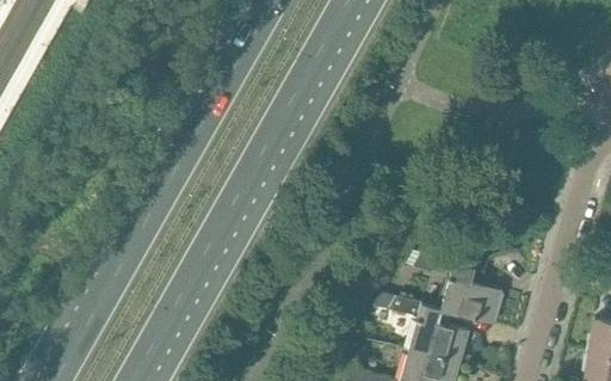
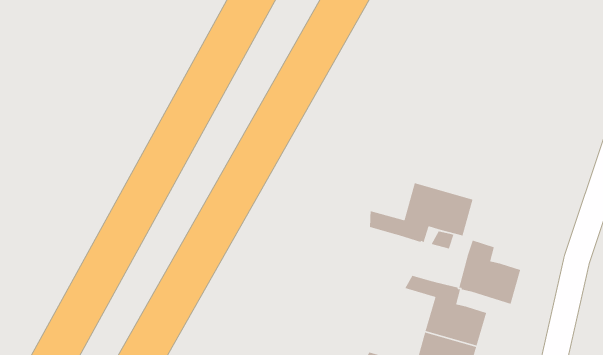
building: none -> [369,182,473,243]

